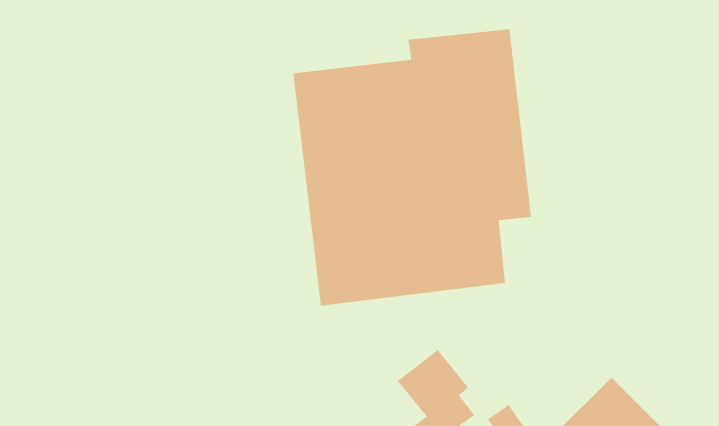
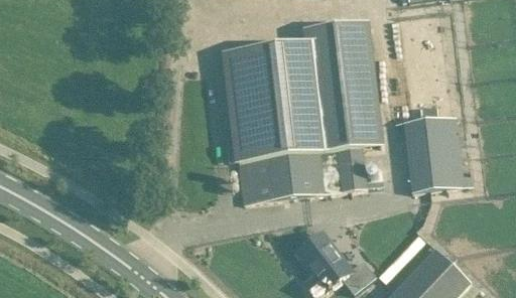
building: none -> [403,115,464,190]

